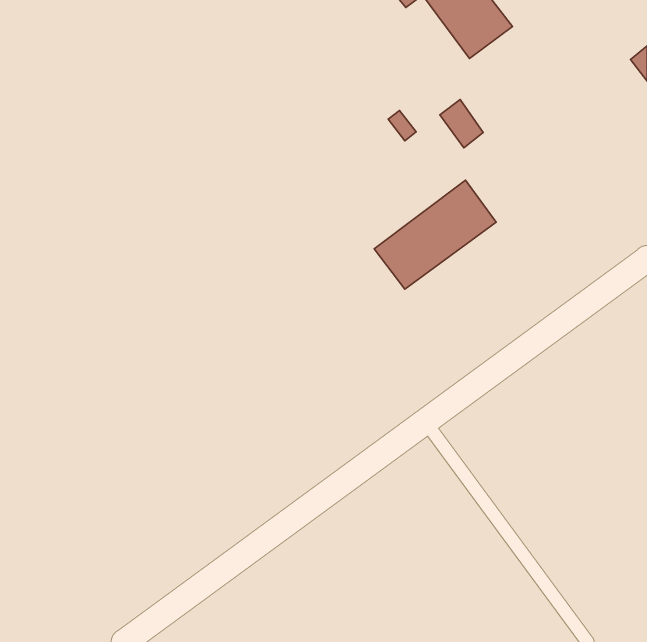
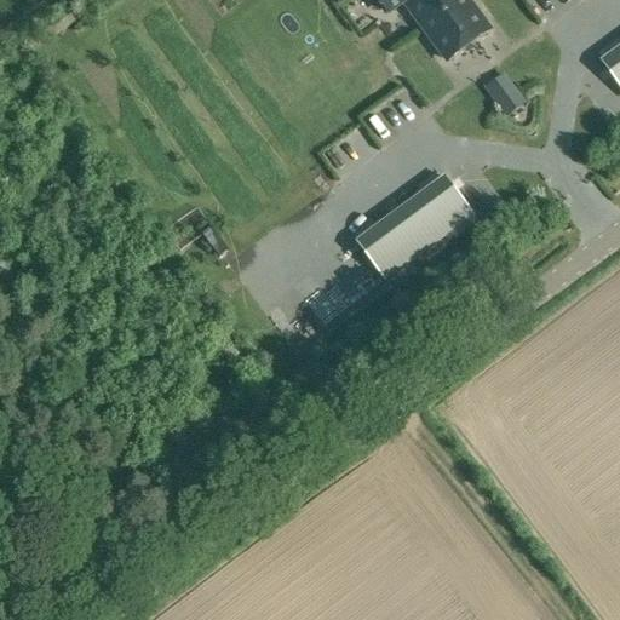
building: [440,100,483,148] -> [481,73,522,119]

